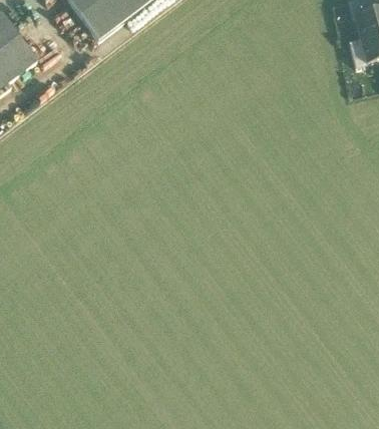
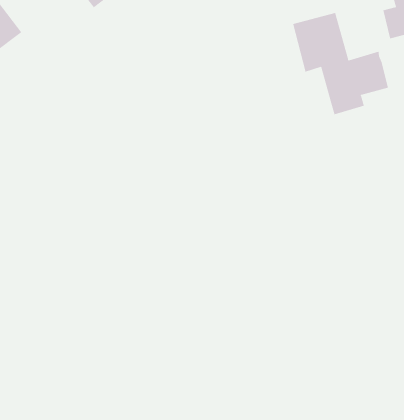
building: none -> [292,12,388,115]

